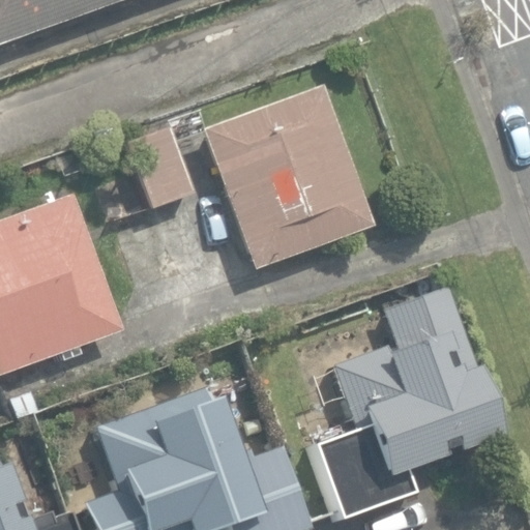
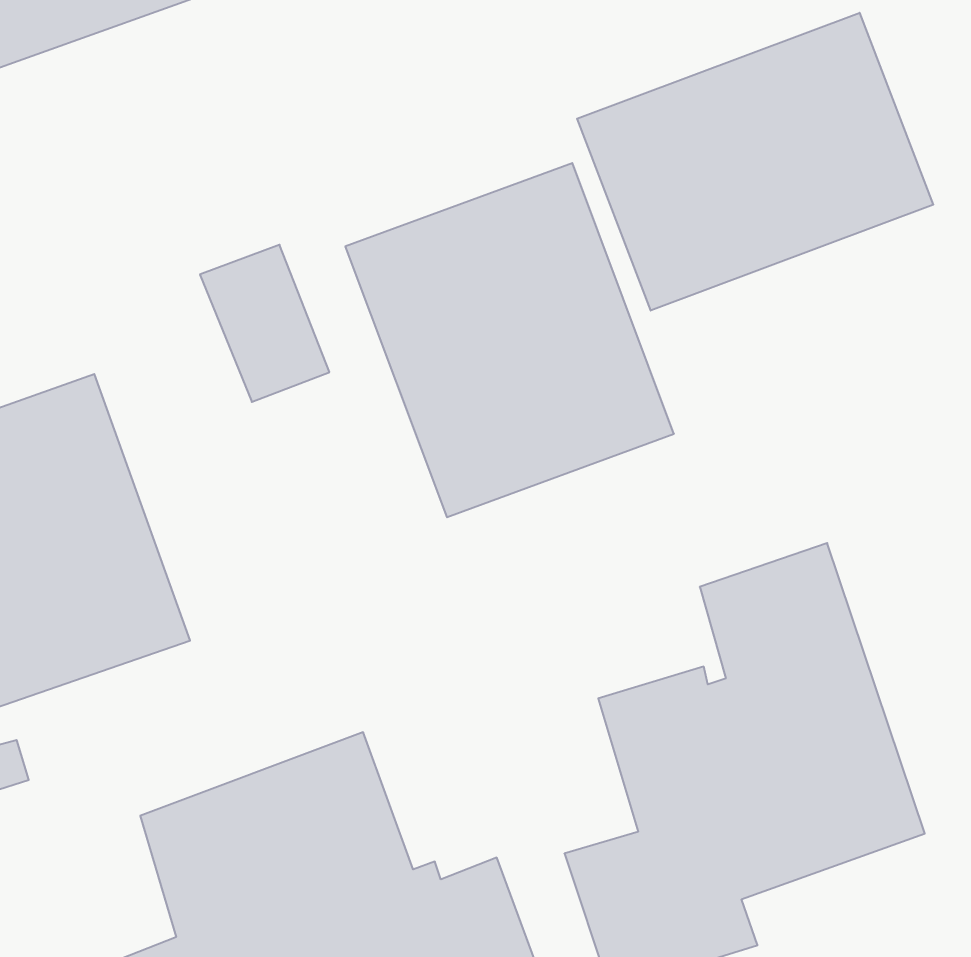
building: none -> [577,13,933,311]

